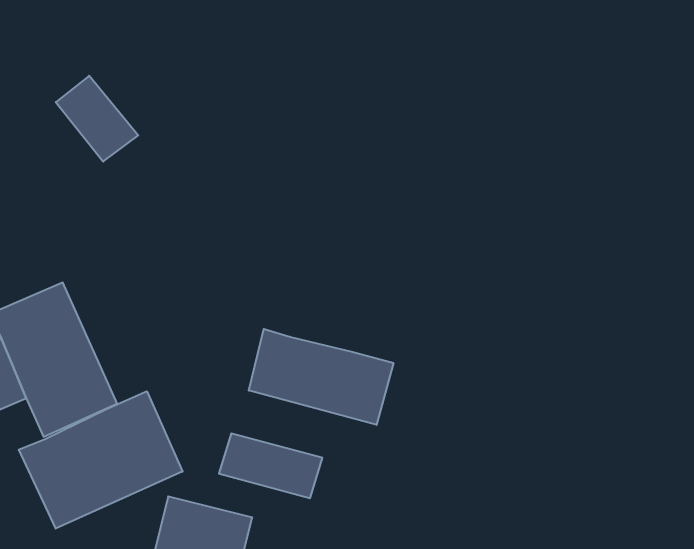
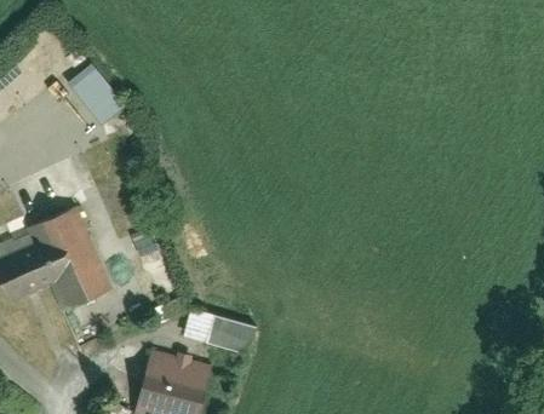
building: [249,329,393,425] -> none
building: [19,391,183,529] -> none

